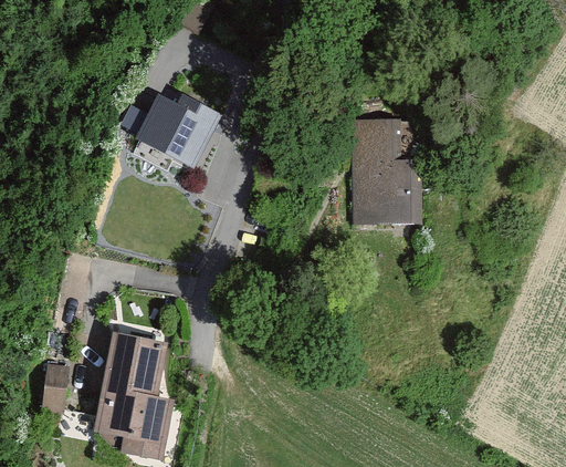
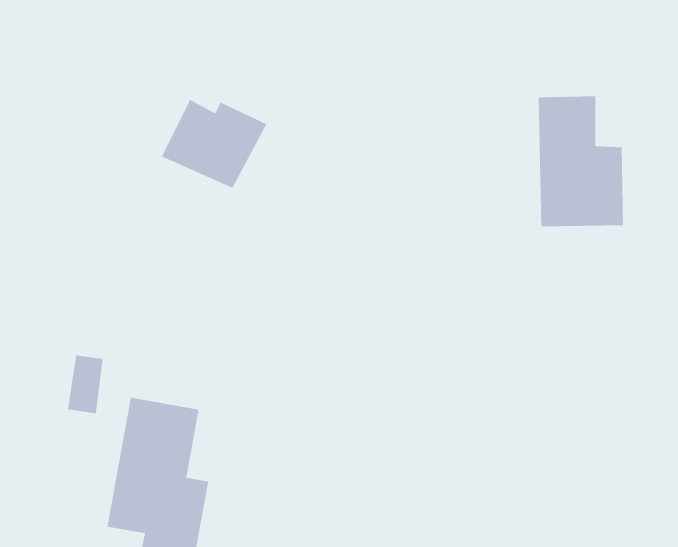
building: [353,118,421,224] -> [538,96,624,227]
building: [41,365,70,413] -> [67,354,103,414]

